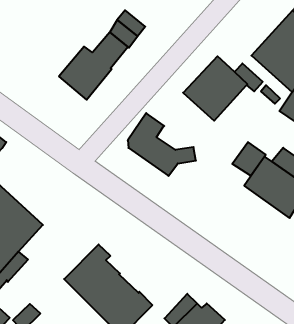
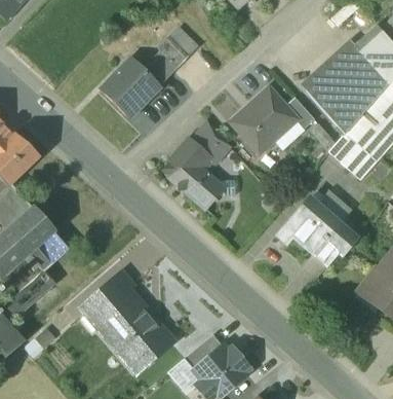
building: none -> [190,120,230,164]
building: [232,142,266,176] -> none

